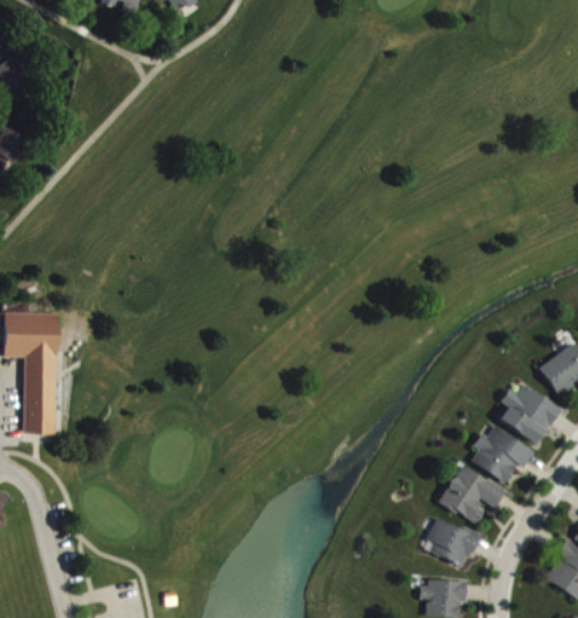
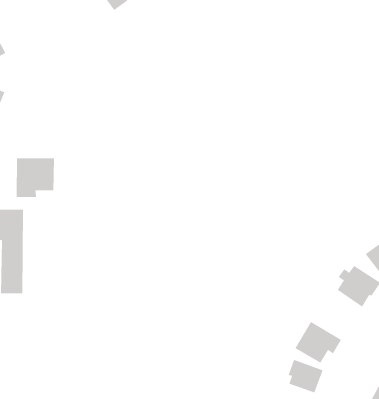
building: none -> [16,157,55,198]
building: [473,426,537,483] -> none

